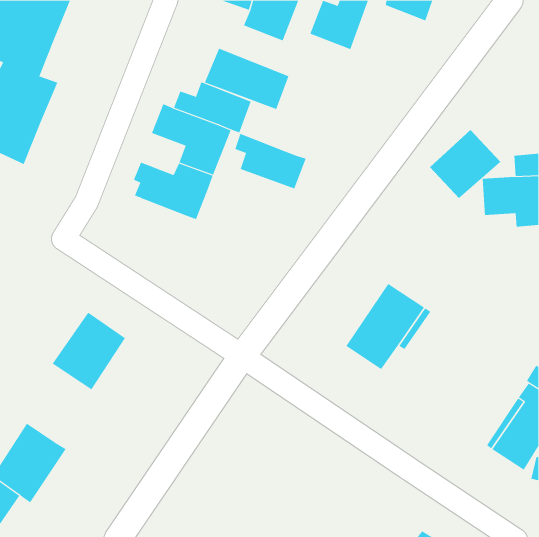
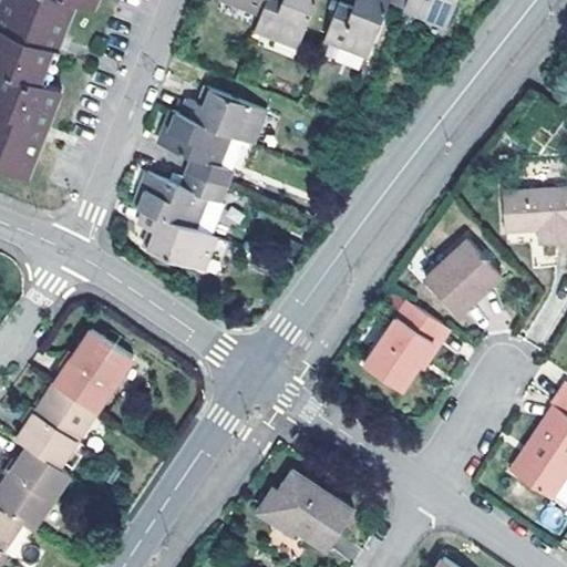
building: [204,48,289,110] -> none
building: [429,129,501,199] -> [424,240,499,313]
building: [235,133,306,189] -> [141,210,216,269]
building: none -> [18,384,96,467]
building: none -> [259,472,353,550]

